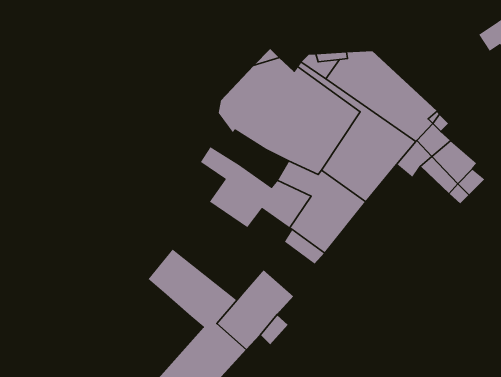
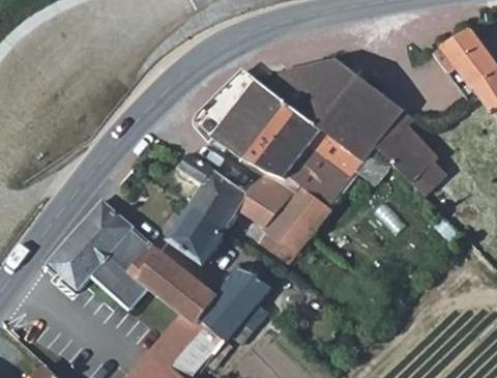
building: none -> [47,200,157,311]
building: none -> [168,206,226,264]

